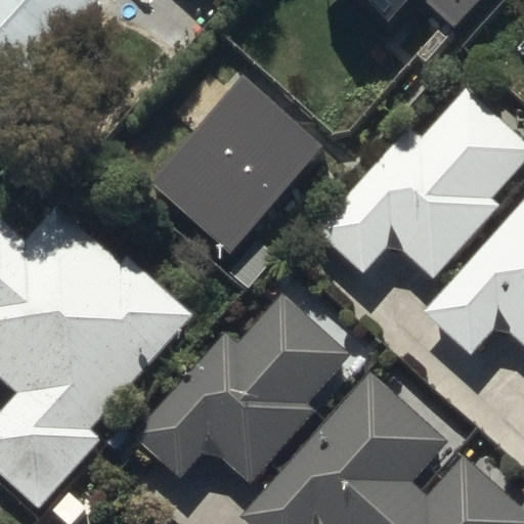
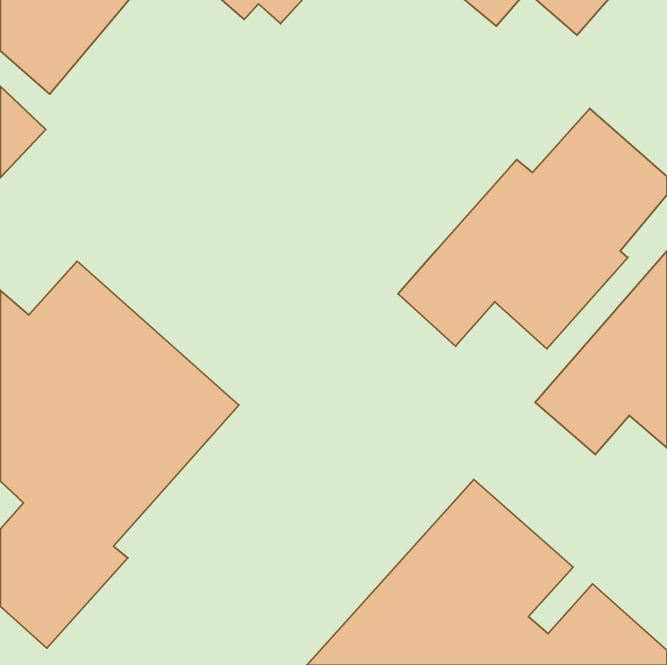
building: [151,77,321,250] -> none
building: [135,296,354,484] -> none

